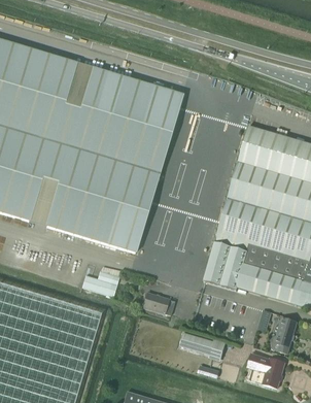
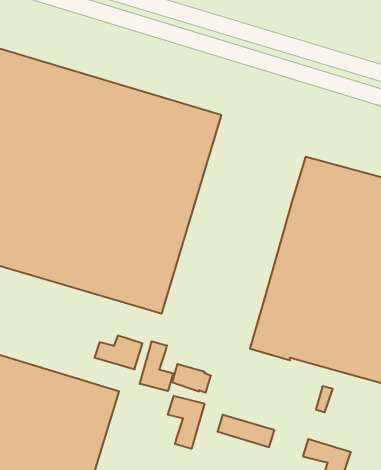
building: none -> [140,341,173,391]
building: [274,317,297,354] -> none
building: none -> [168,396,204,449]

